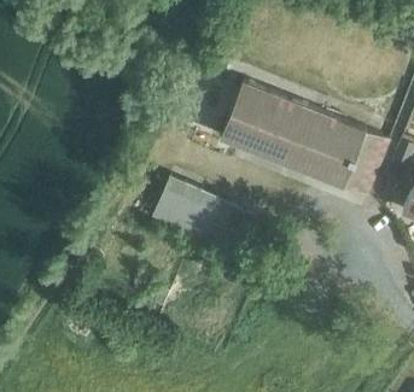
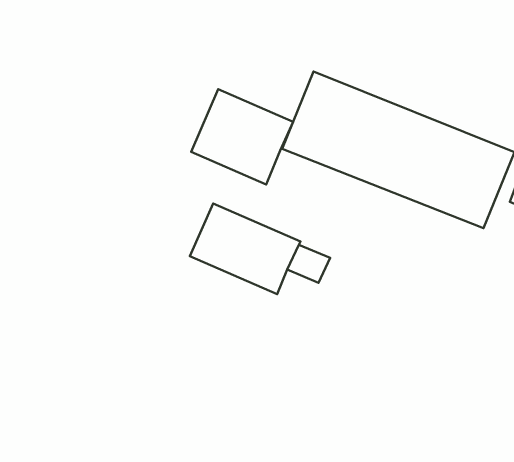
building: none -> [191,89,293,184]

